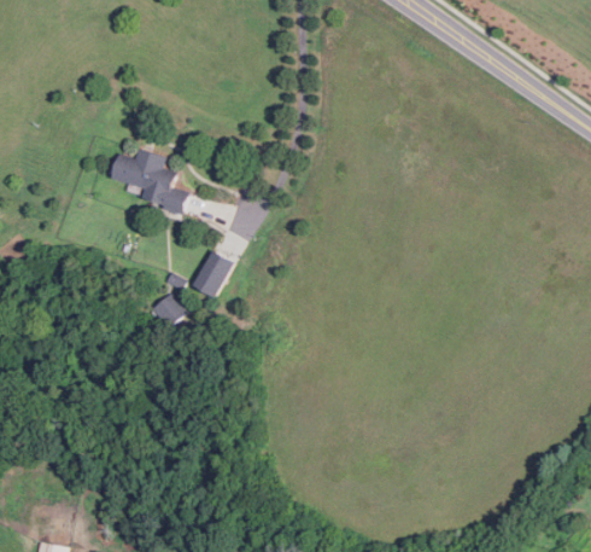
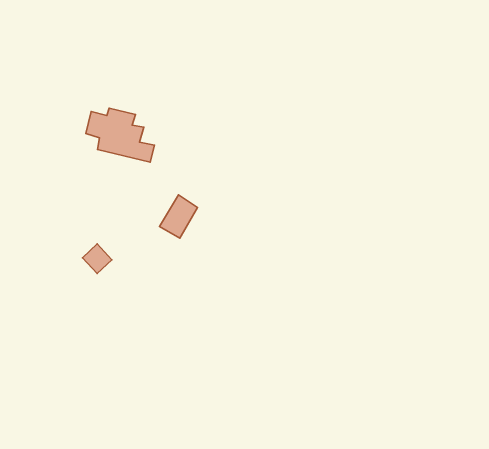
building: [151,294,185,327] -> [82,244,112,274]

